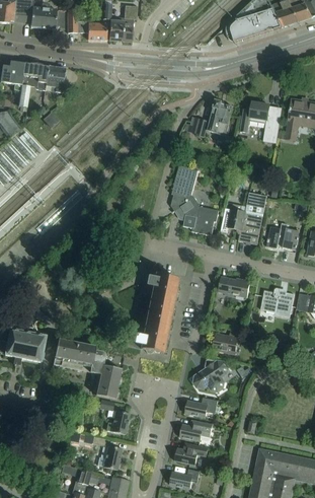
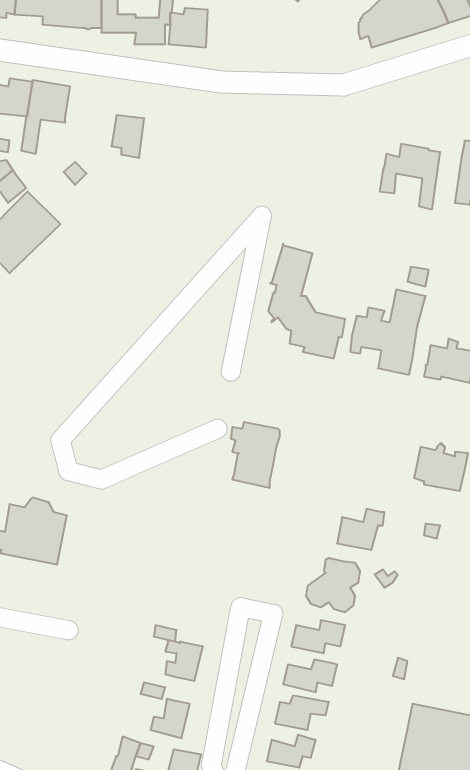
building: [45,66,65,92] -> [111,115,144,158]
building: [188,99,232,136] -> none
building: [218,277,250,297] -> none
building: [126,309,171,353] -> none
building: [53,339,121,399] -> none

